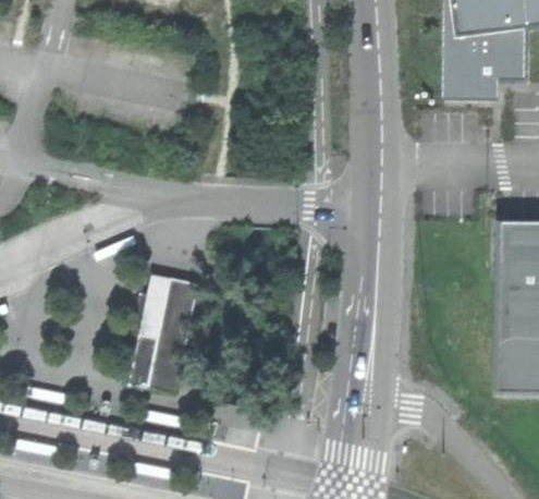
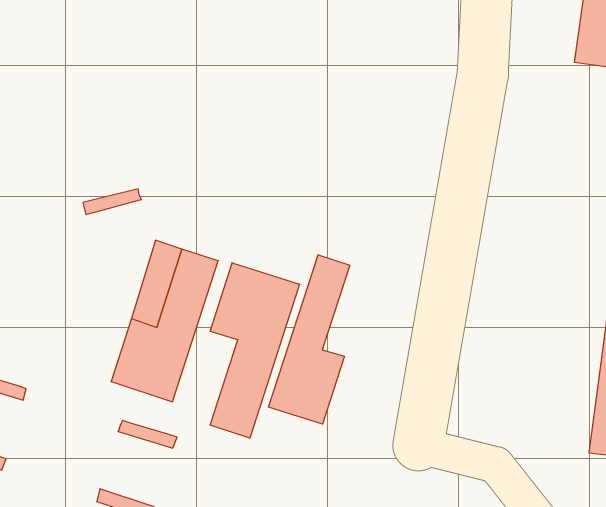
building: none -> [269,255,350,424]
building: none -> [210,263,300,438]

